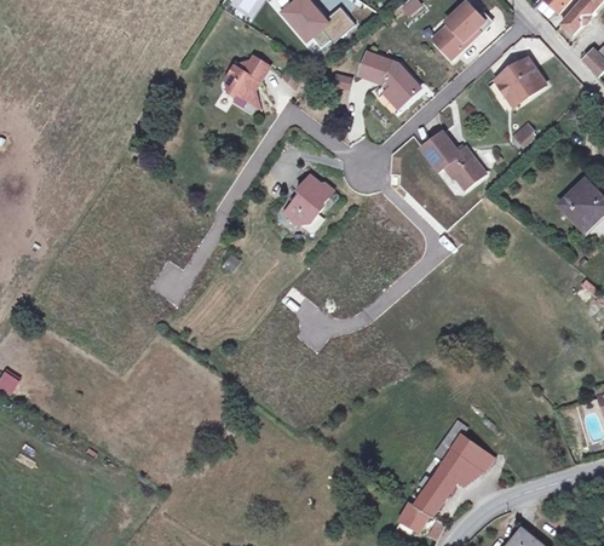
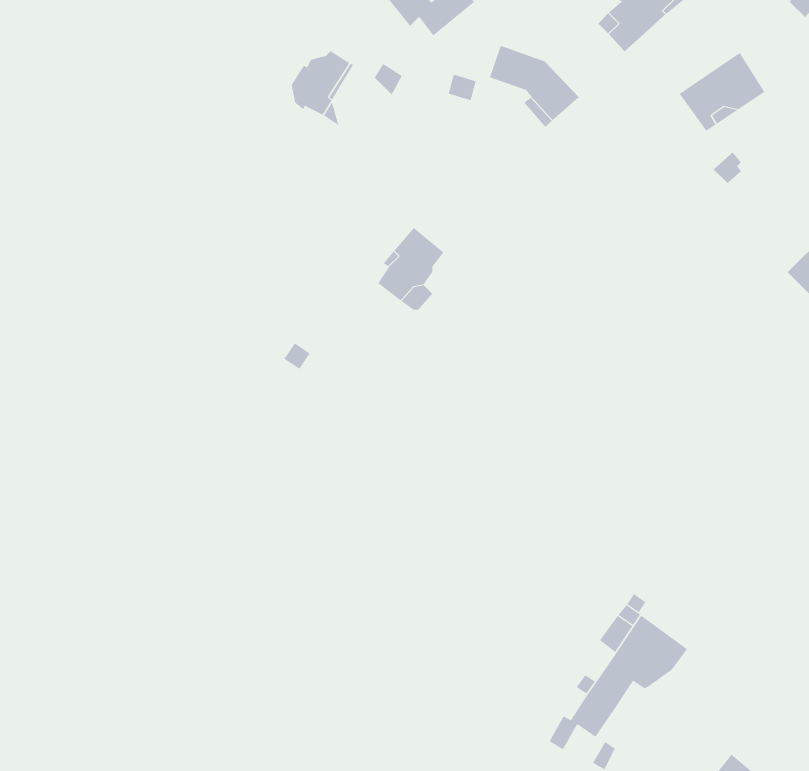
building: [421,131,484,188] -> none

